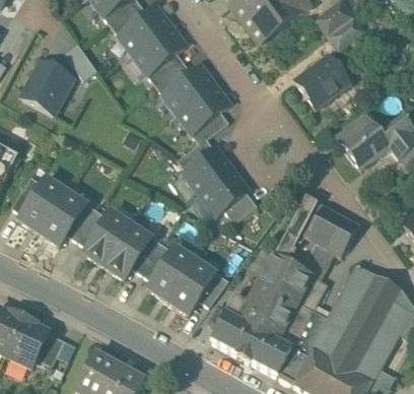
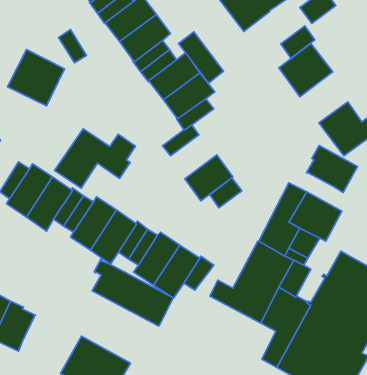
building: [328,16,362,49] -> [281,26,315,58]
building: none -> [178,32,224,83]
building: none -> [55,129,136,188]
building: [183,146,231,192] -> none
building: none -> [307,146,358,193]
building: [209,307,291,375] -> [92,259,173,326]
building: [34,331,64,365] -> none

